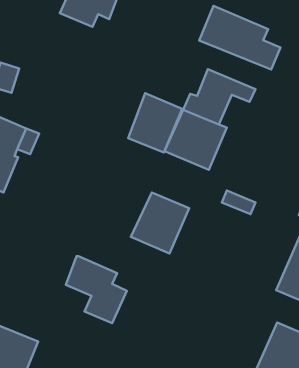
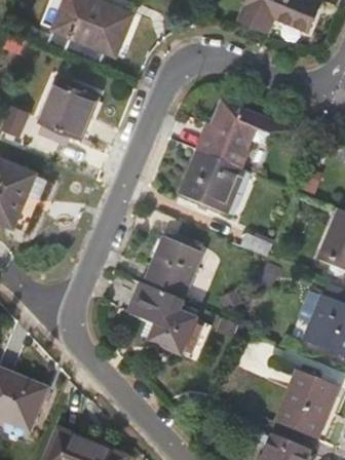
building: [199,6,281,70] -> none
building: none -> [44,77,100,133]
building: [128,93,182,153] -> none
building: [66,256,127,323] -> [129,281,193,351]

